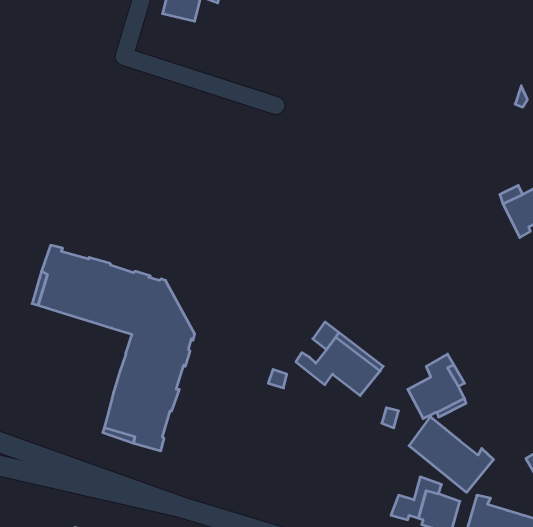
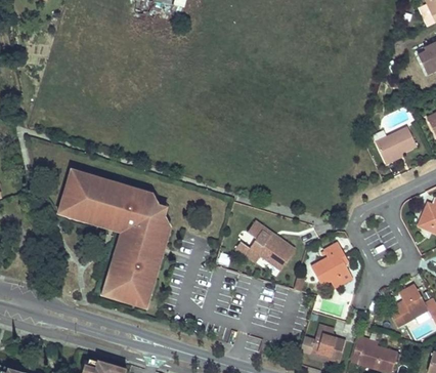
building: [409,417,494,492] -> none

